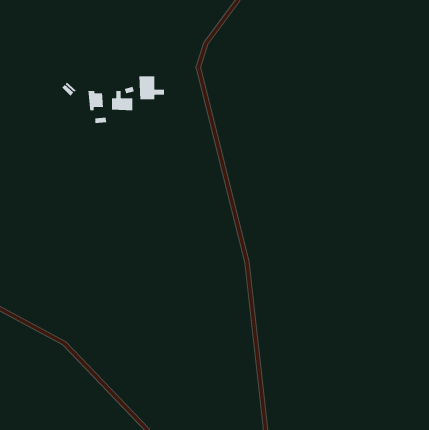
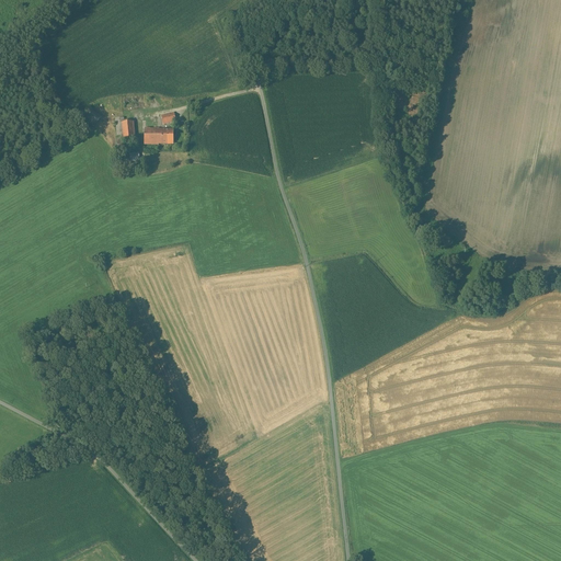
building: [139,76,165,100] -> none

